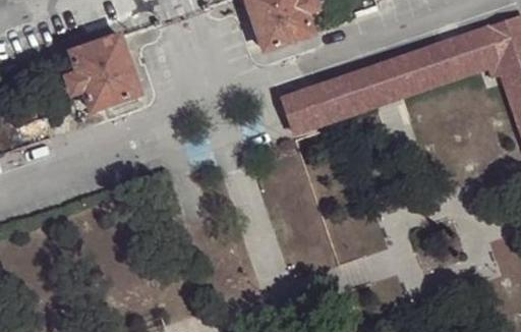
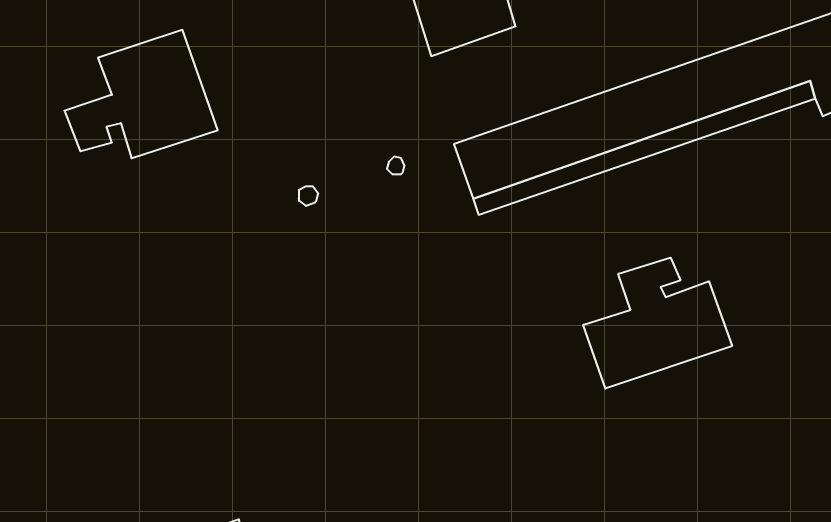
building: none -> [583,258,732,389]

